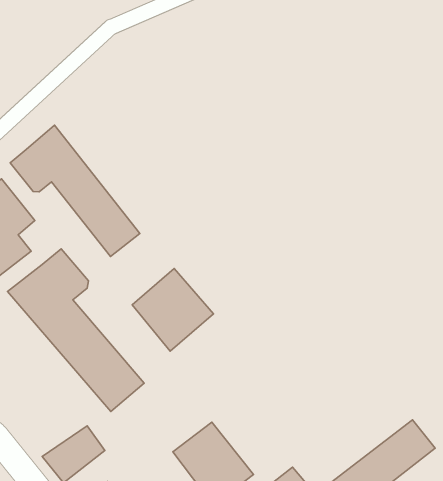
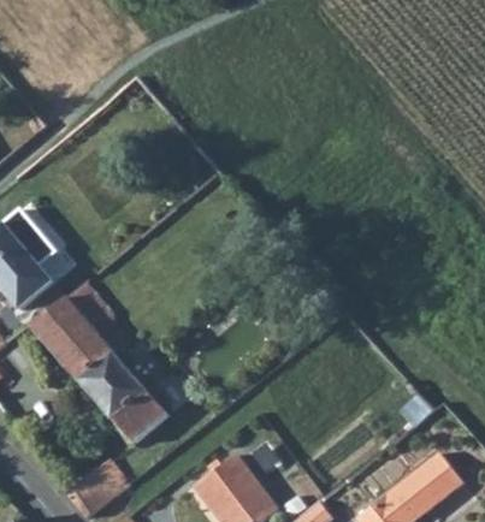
building: [10,125,140,257] -> none
building: [132,268,214,351] -> none

